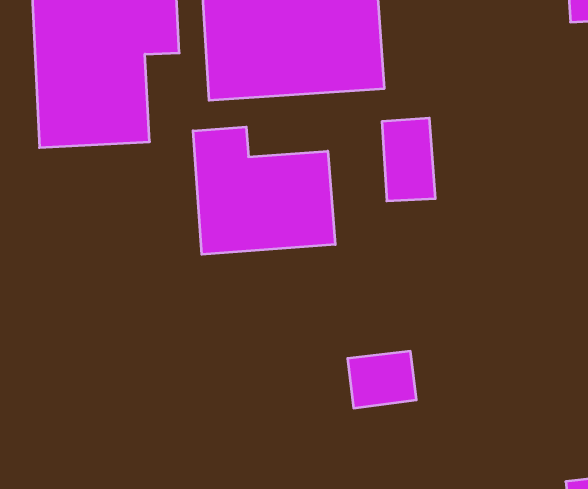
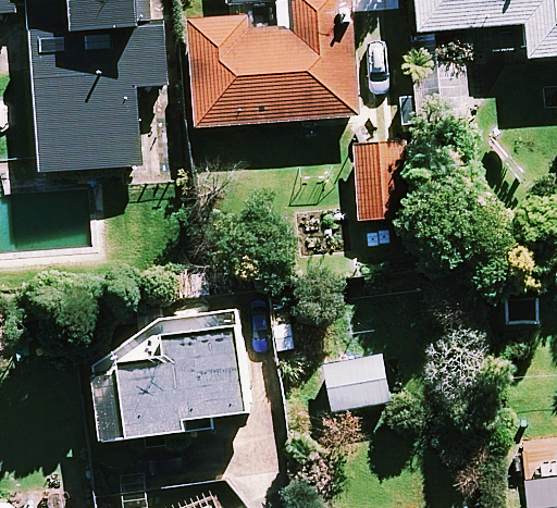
building: [193,127,335,254] -> none
building: none -> [92,323,246,437]

